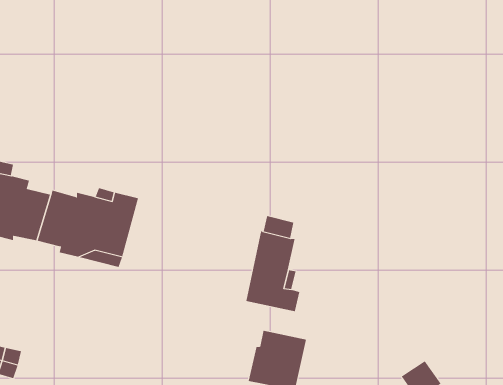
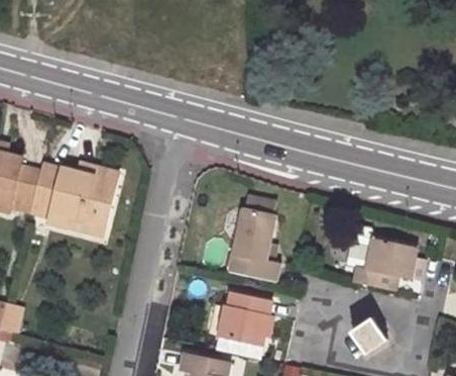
building: none -> [351,239,413,289]

